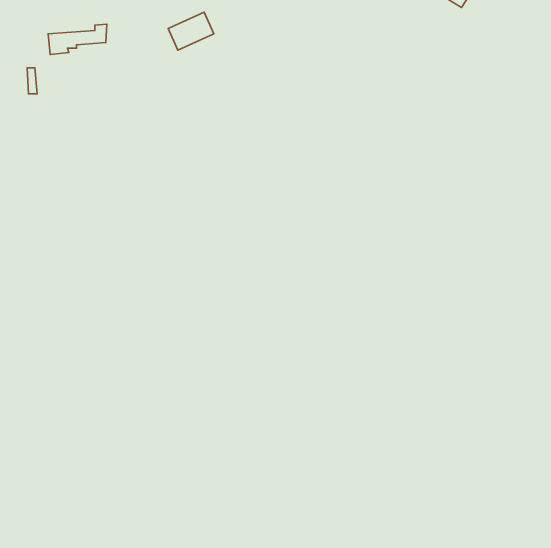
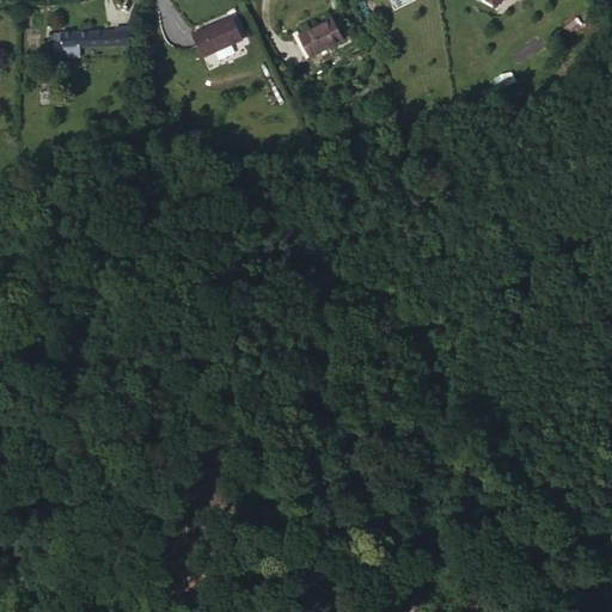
building: none -> [302,16,345,54]

